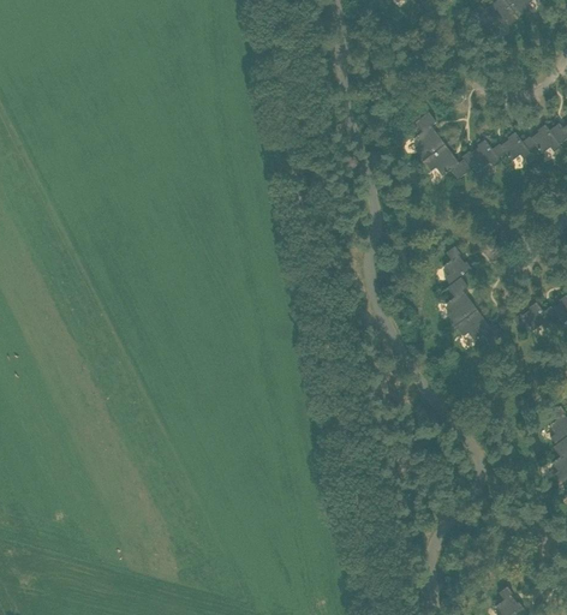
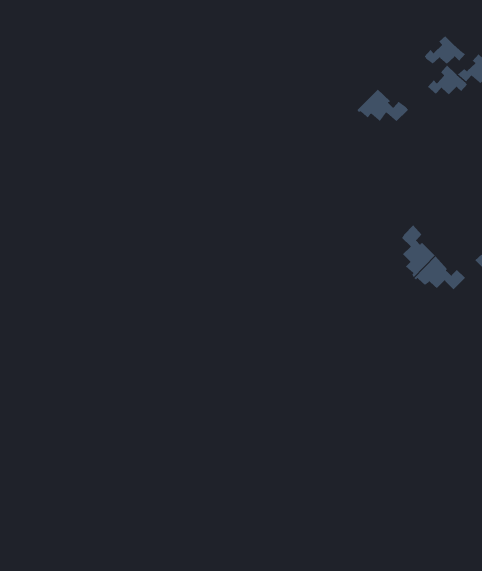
building: [414,111,446,160] -> none
building: [462,138,502,166] -> [424,35,466,65]
building: [443,245,471,283] -> none

